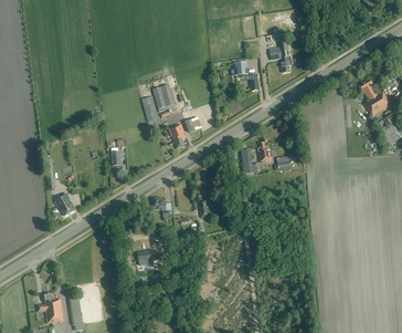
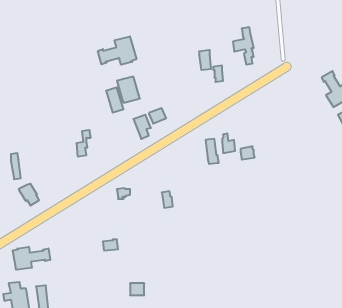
building: none -> [98,36,136,65]
building: none -> [13,247,50,270]

